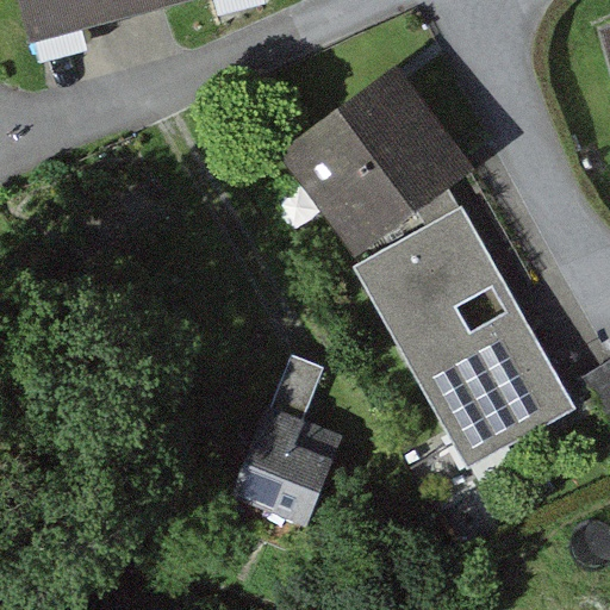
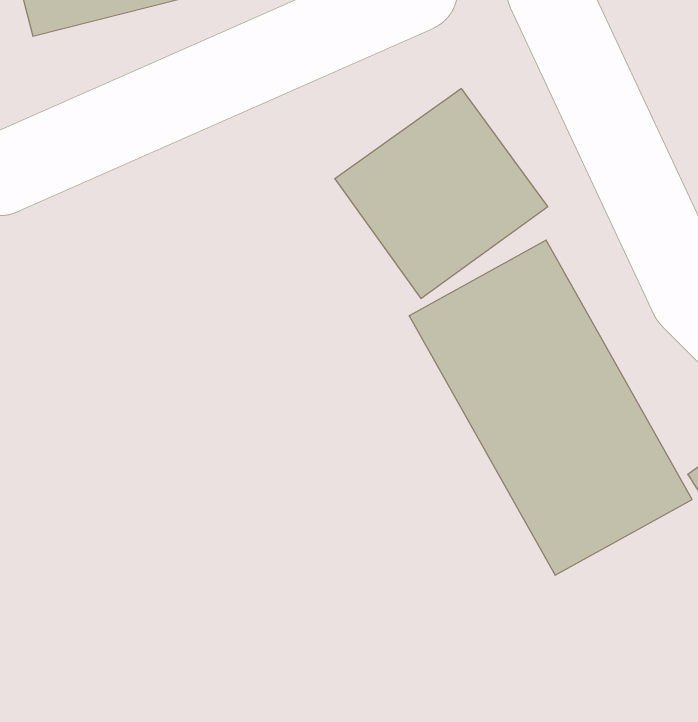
building: [238,405,348,522] -> none

